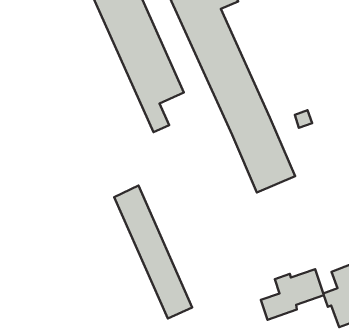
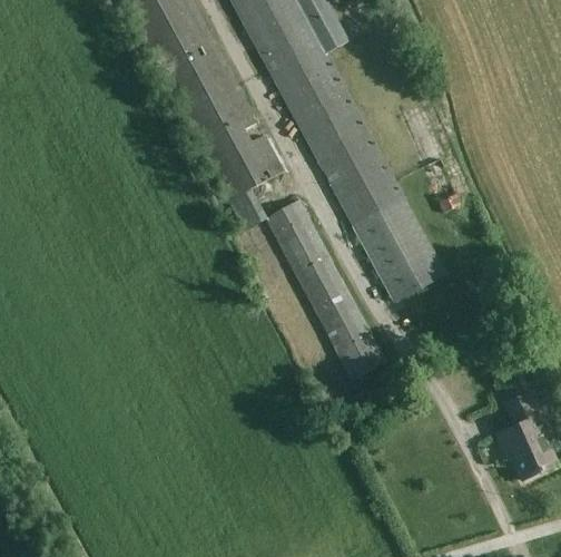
building: [114,185,192,318] -> [266,199,385,380]
building: [261,269,324,320] -> none

